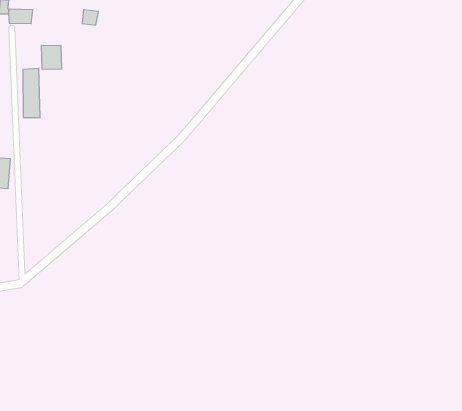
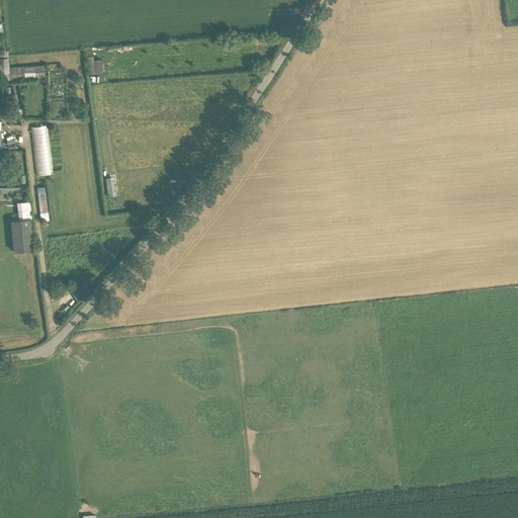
building: [41,45,62,69] -> none

